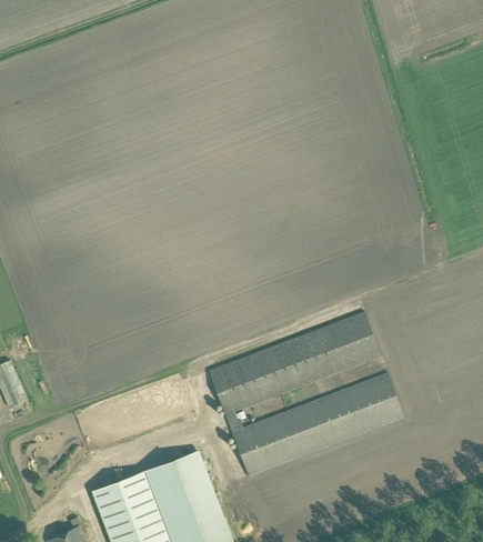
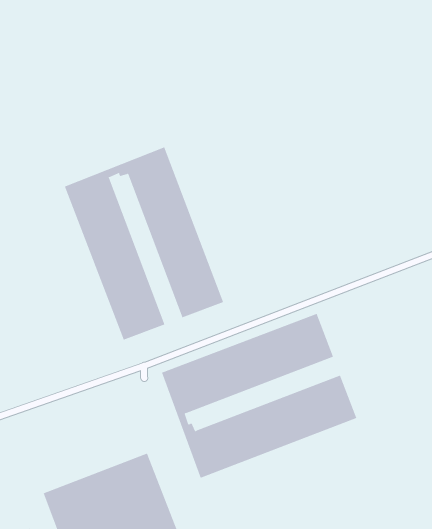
building: none -> [64,147,224,341]

